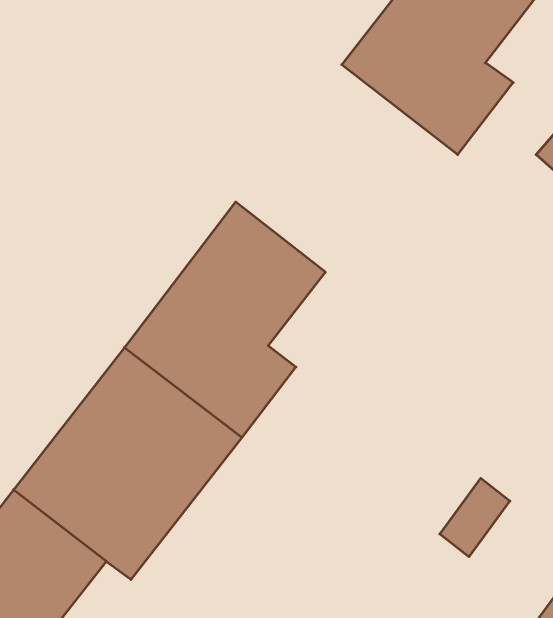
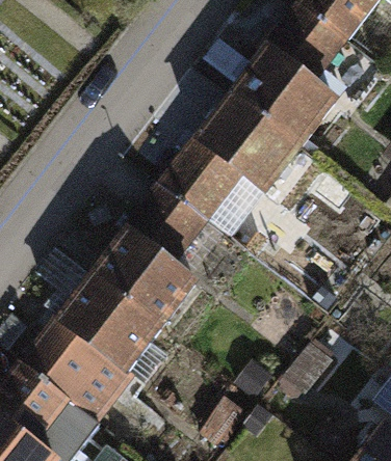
building: none -> [183,78,324,210]

